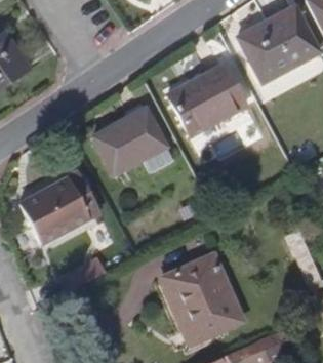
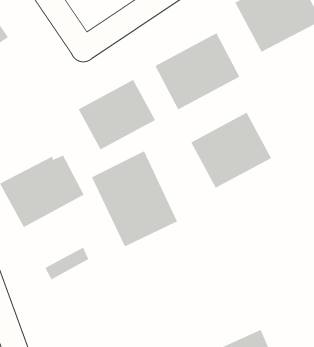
building: none -> [190,112,272,189]
building: [167,254,247,344] -> [91,150,178,247]

